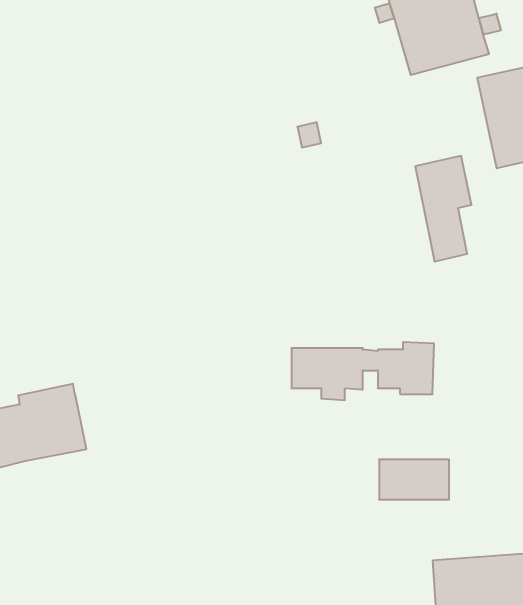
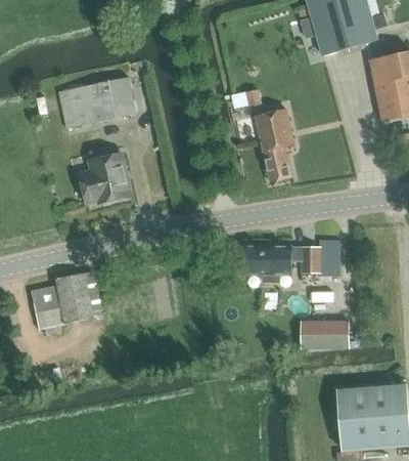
building: none -> [58,75,137,127]
building: [415,156,472,261] -> [255,109,293,181]
building: none -> [81,153,131,202]

